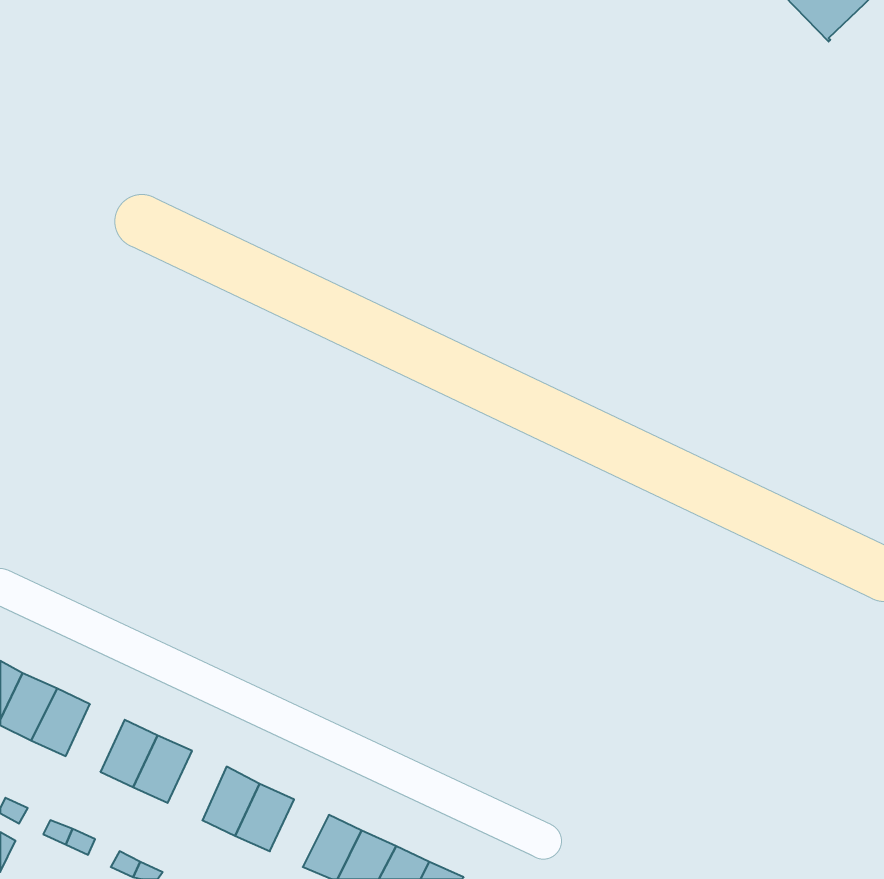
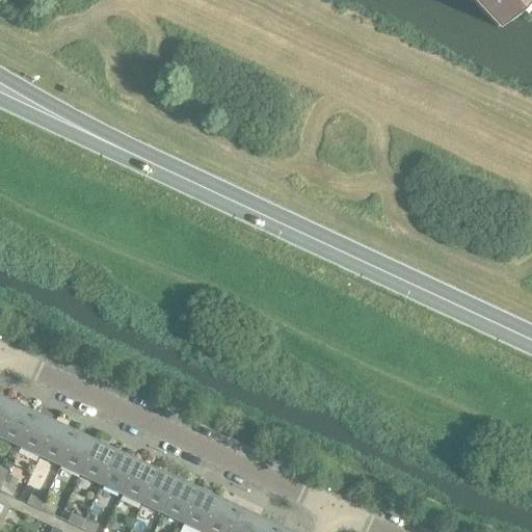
building: none -> [39,423,75,463]
building: none -> [101,451,136,493]
building: none -> [162,480,197,521]

